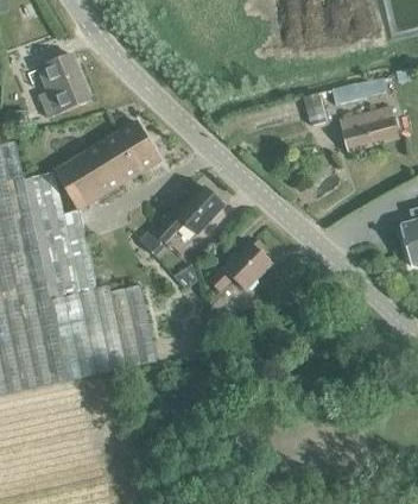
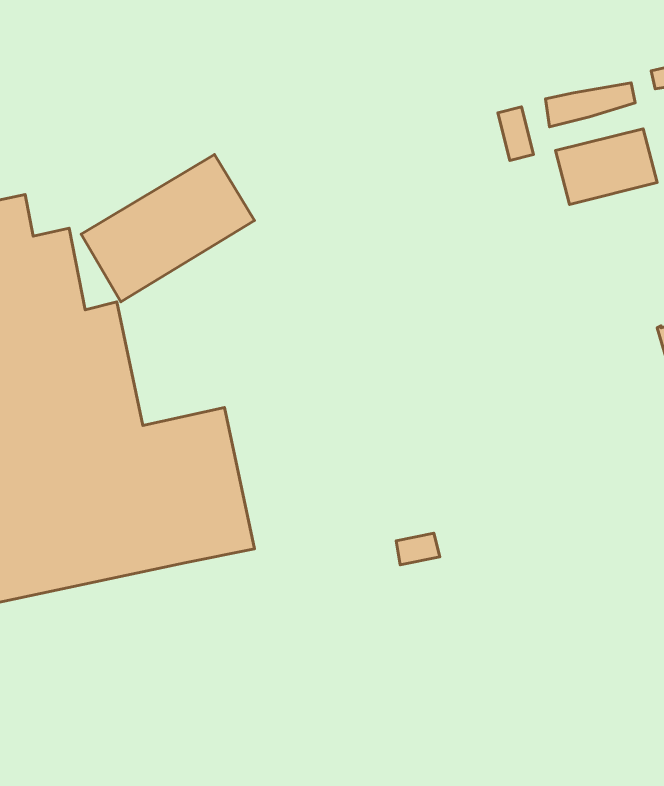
building: [38,56,90,120] -> none
building: [156,189,223,245] -> none
building: [209,244,272,294] -> none

